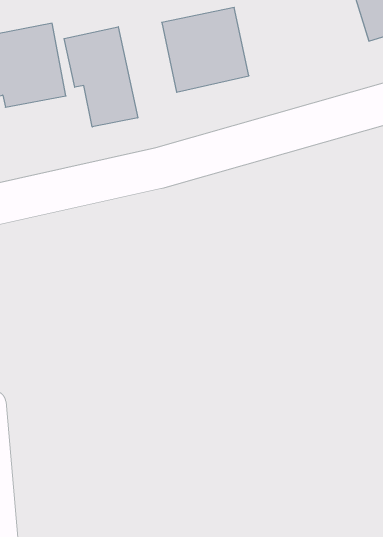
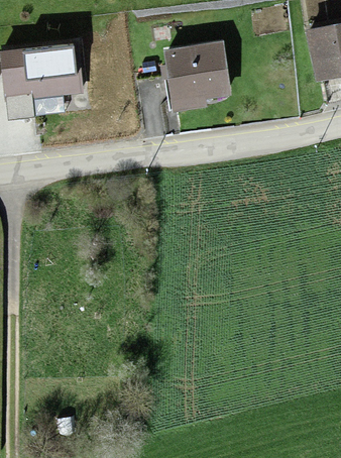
building: [64,27,138,127] -> none

